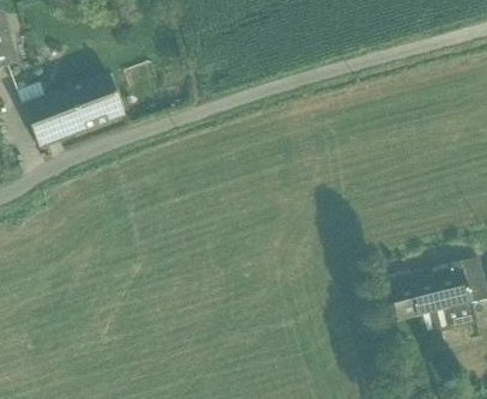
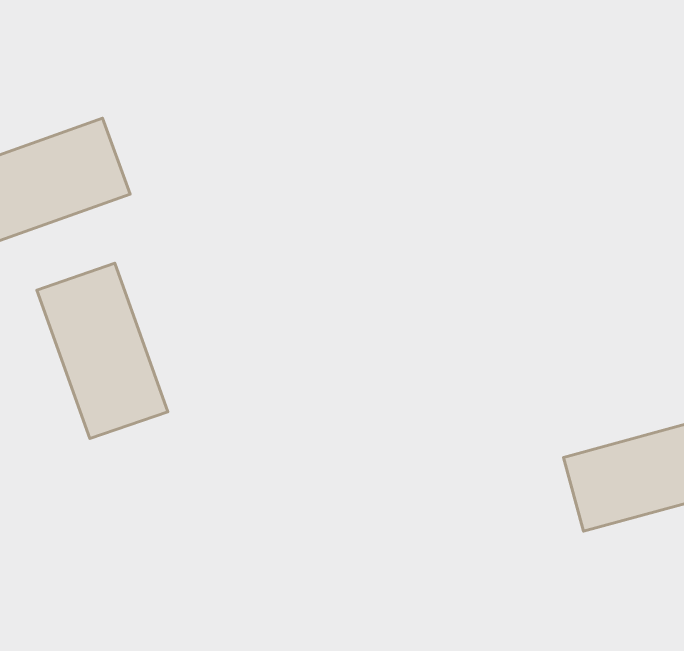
building: none -> [37,263,168,439]

